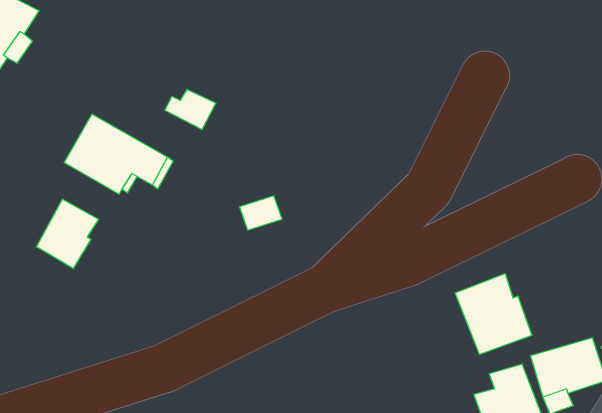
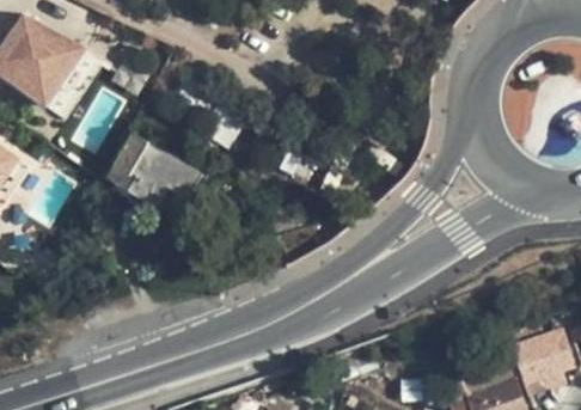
building: [36,199,98,269] -> none
building: [455,274,532,354] -> none

